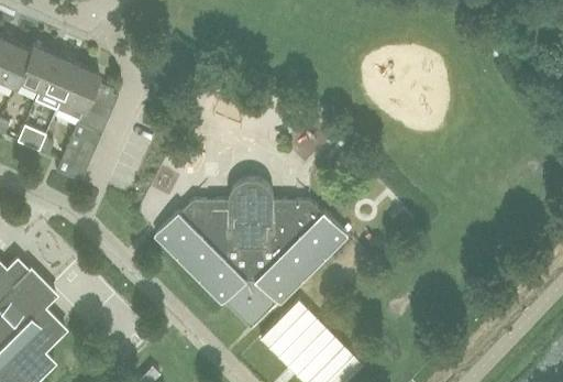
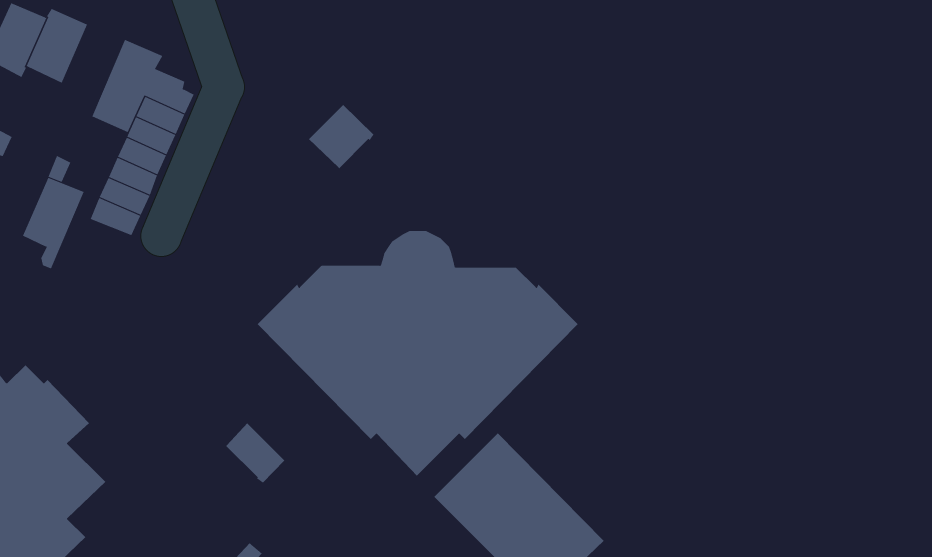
building: [38,55,76,110] -> [22,177,85,269]
building: none -> [308,104,374,170]
building: none -> [225,423,285,484]

